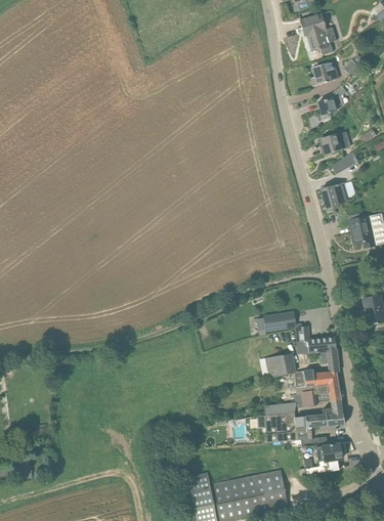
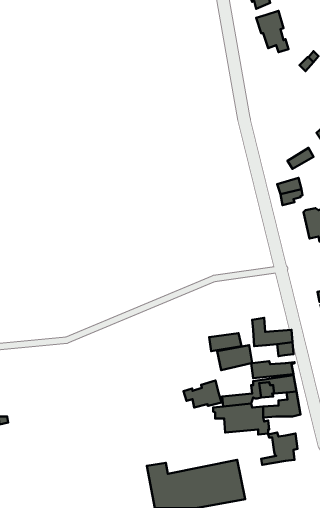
building: [310,60,338,85] -> none
building: [317,84,346,118] -> none
building: [319,130,349,154] -> none
building: [263,311,296,330] -> [209,333,241,351]
building: none -> [184,381,221,407]

